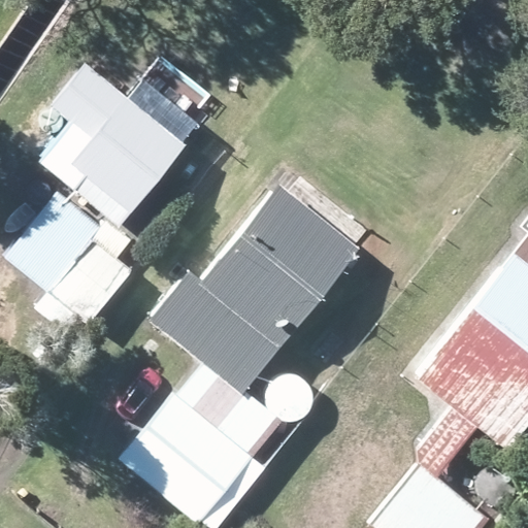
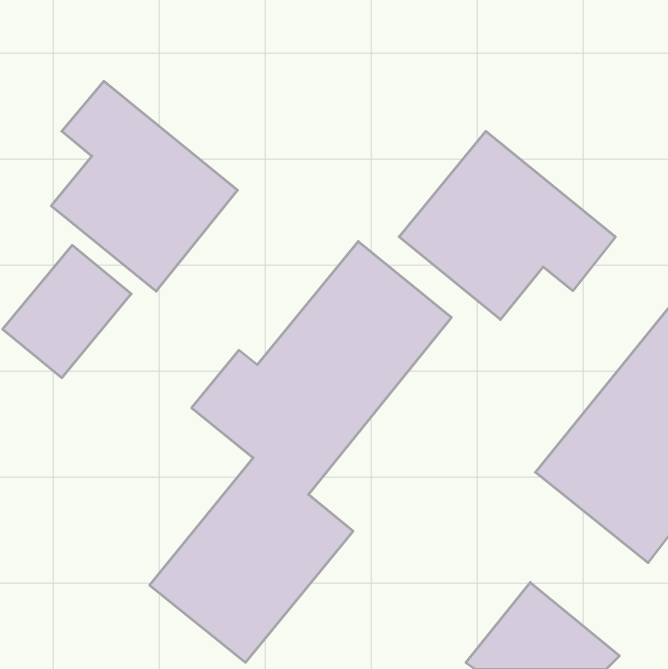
building: none -> [399,131,615,320]

